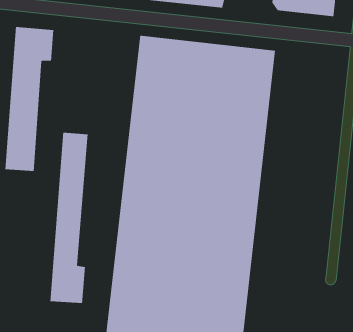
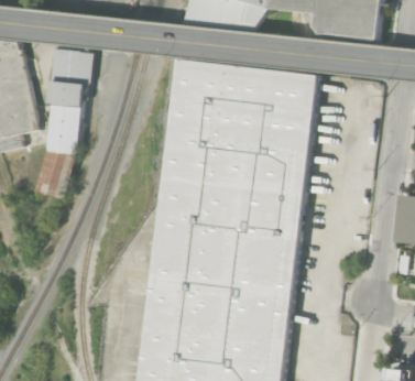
building: [50,132,88,304] -> none

